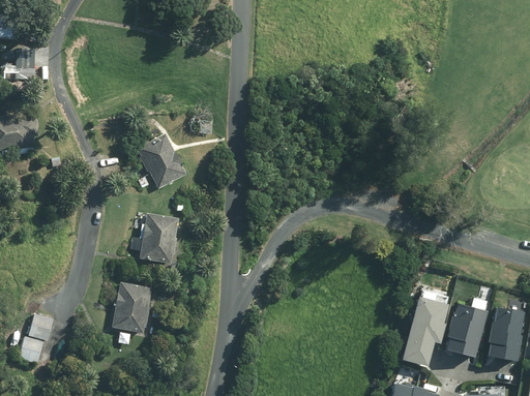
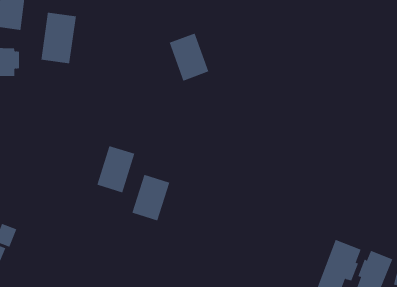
building: none -> [41,12,76,64]
building: [137,134,186,191] -> [169,33,209,81]
building: [112,284,152,336] -> [132,174,170,221]

